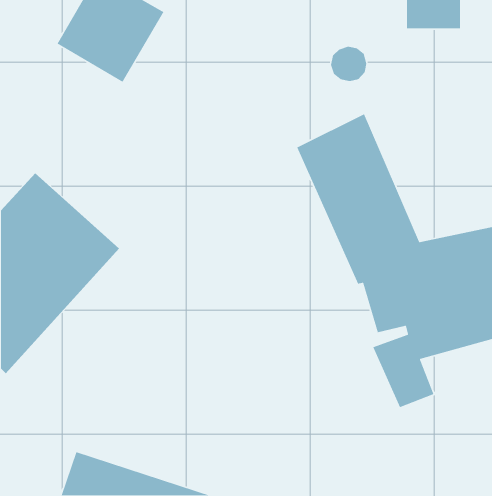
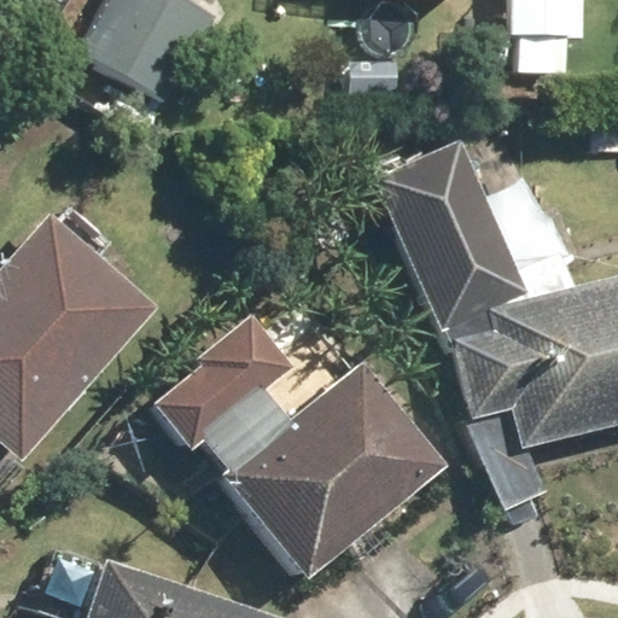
building: none -> [150,319,291,451]
building: none -> [216,360,449,584]

